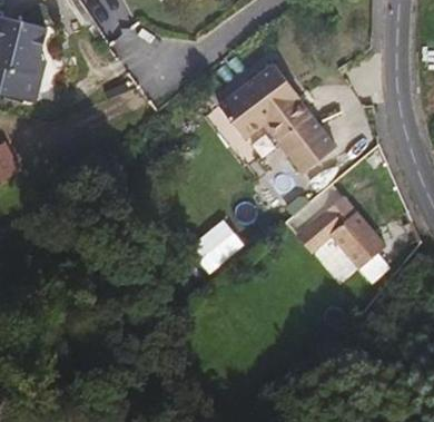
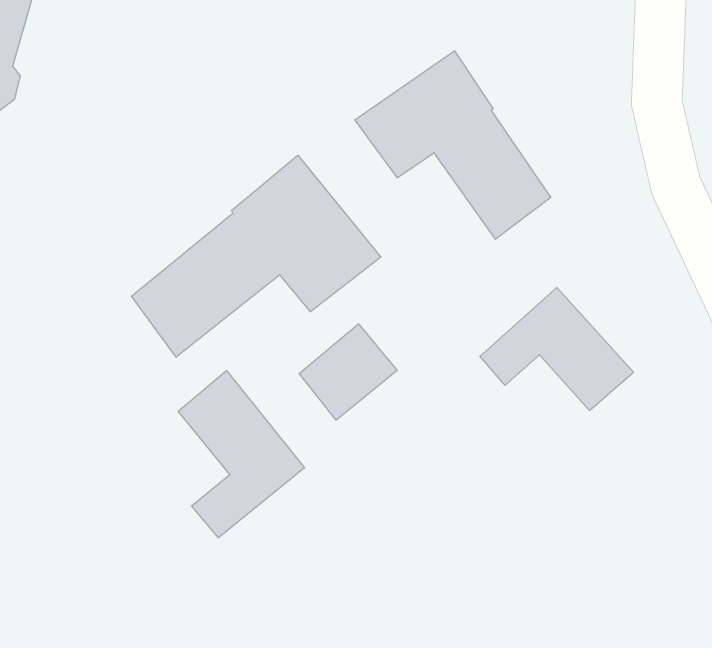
building: none -> [131,155,381,357]
building: none -> [178,371,305,538]

